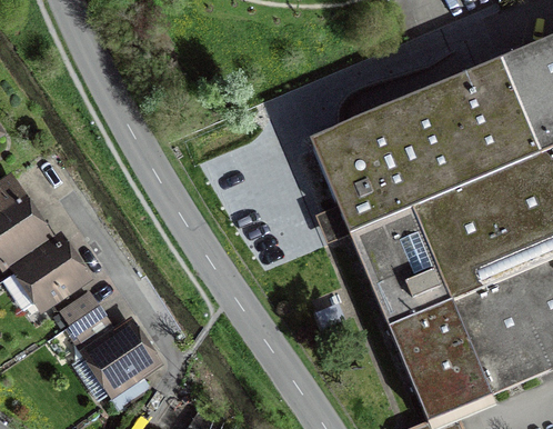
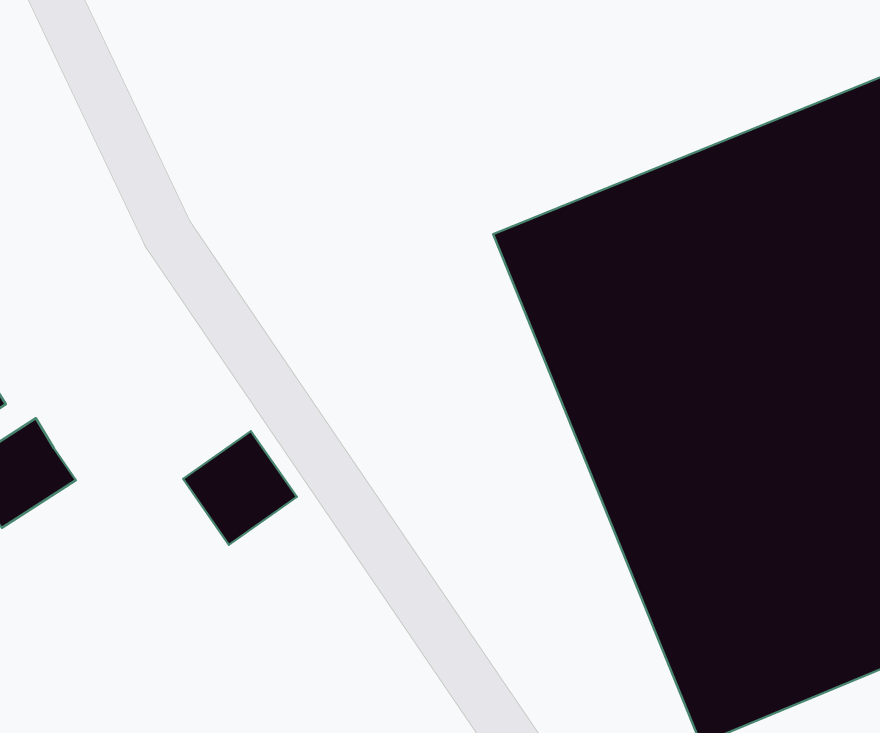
building: [62,289,109,337] -> none
building: [90,322,153,386] -> [183,431,297,545]

